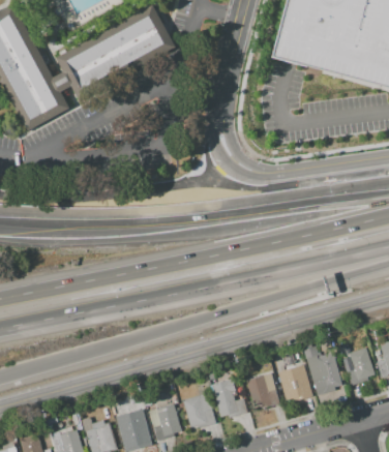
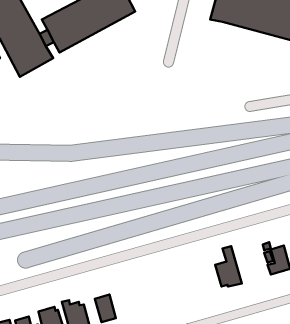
building: [303,343,336,395] -> none
building: [246,373,278,406] -> none
building: [211,379,247,417] -> none
building: [182,393,215,429] -> none
building: [148,403,181,441] -> none

